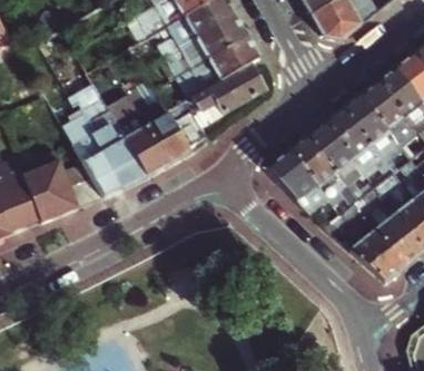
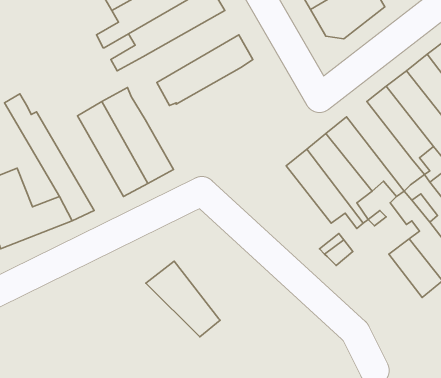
building: [165,16,248,78] -> none
building: [167,65,265,154] -> none
building: [69,84,148,189] -> none
building: [342,95,398,173] -> none
building: [265,150,329,216] -> [146,261,220,337]
building: [347,201,407,283] -> none

